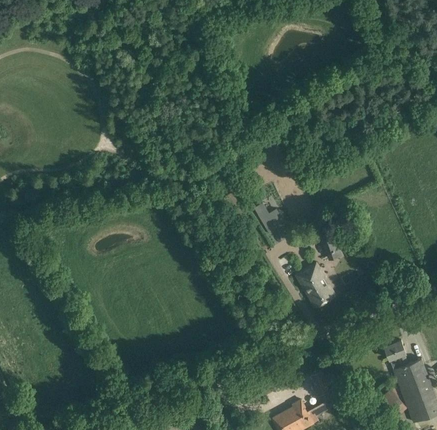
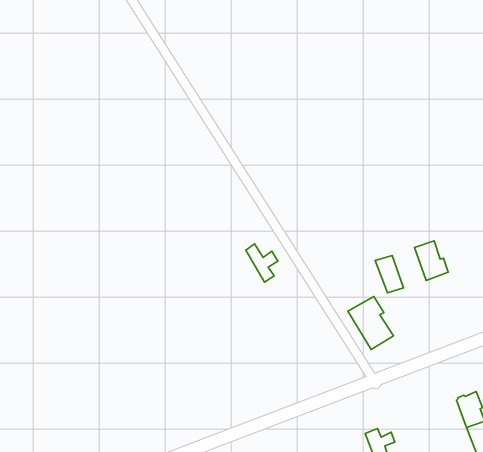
building: [255,204,281,235] -> [246,244,278,282]
building: none -> [415,241,448,281]

